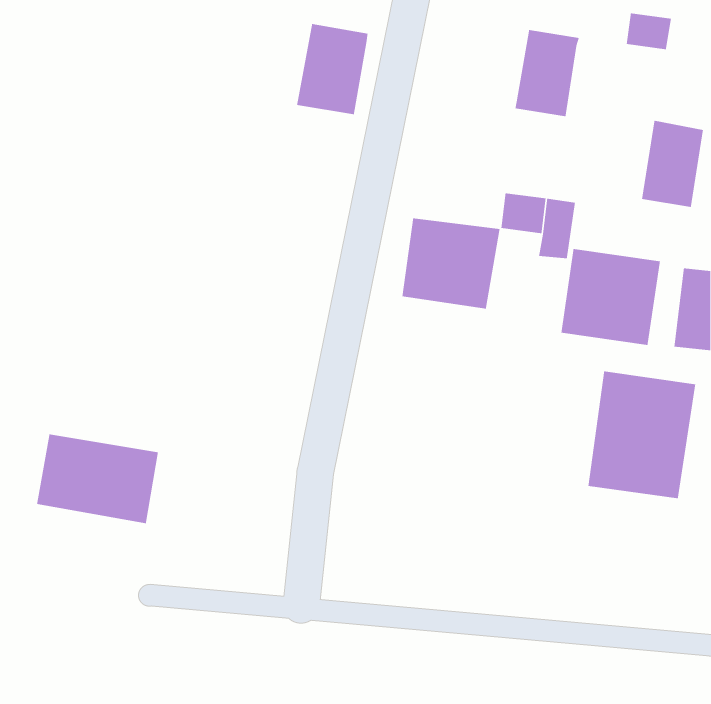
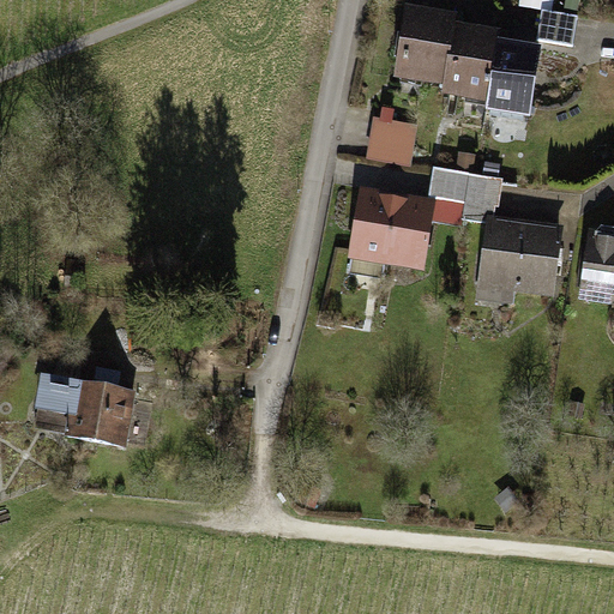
building: [296,23,369,115] -> [393,8,456,88]
building: [641,120,704,208] -> [486,40,540,115]
building: none -> [372,118,416,159]
building: [587,371,696,499] -> none

